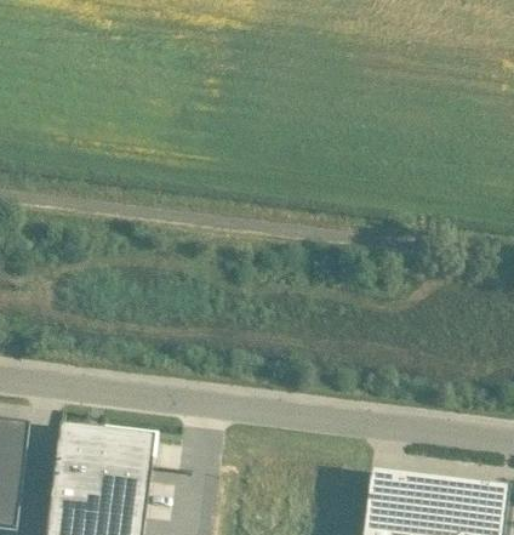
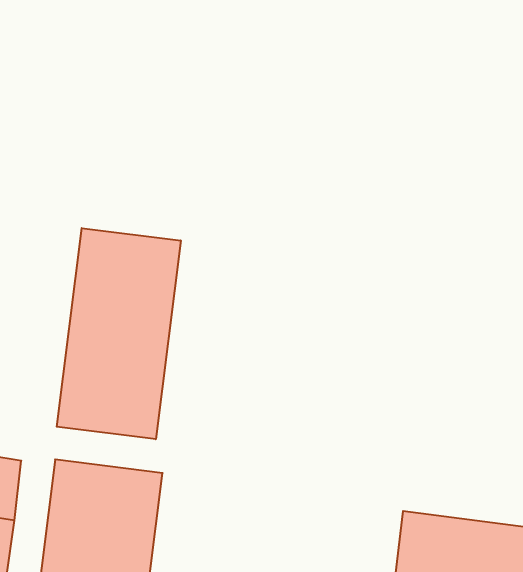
building: none -> [57,228,181,439]

